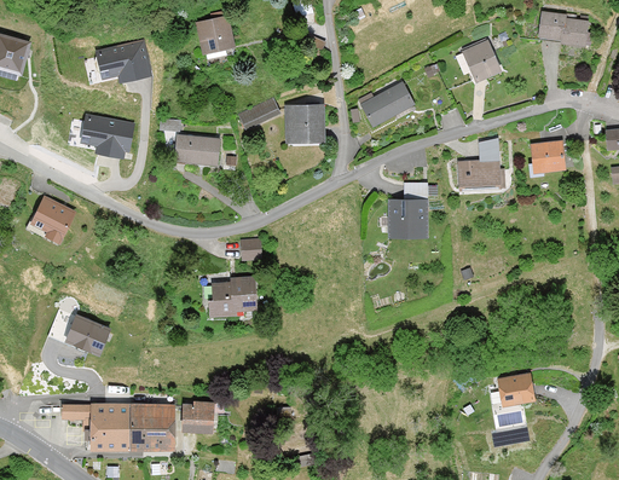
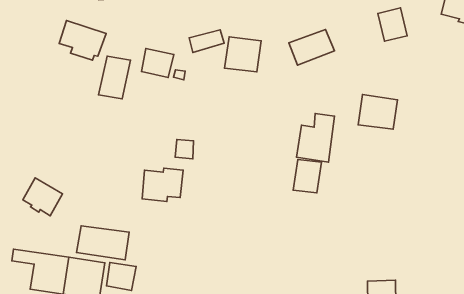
building: [531,140,567,174] -> none
building: none -> [99,56,131,99]
building: [29,196,75,243] -> none
building: none -> [293,159,321,193]
building: none -> [77,226,129,260]

